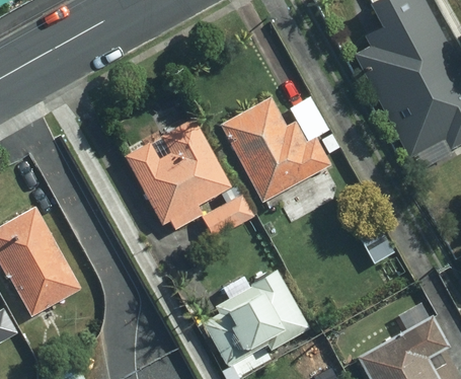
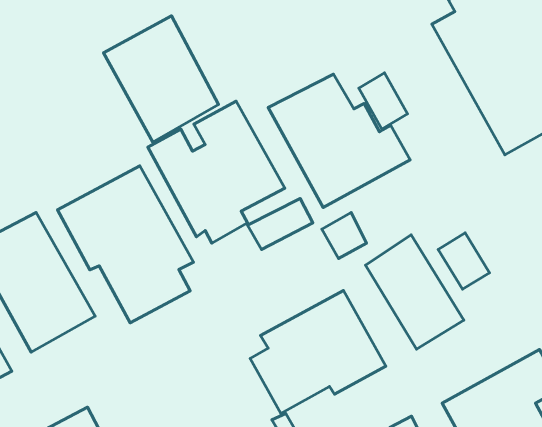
building: none -> [104,16,219,142]
building: none -> [57,166,193,323]
building: none -> [365,235,464,349]

